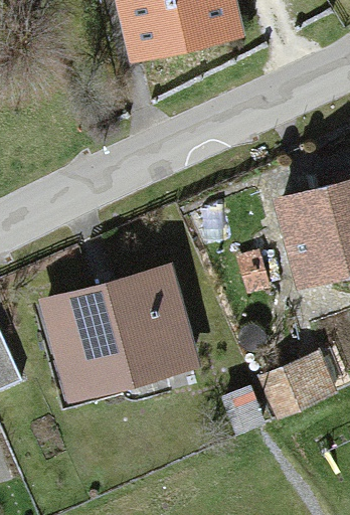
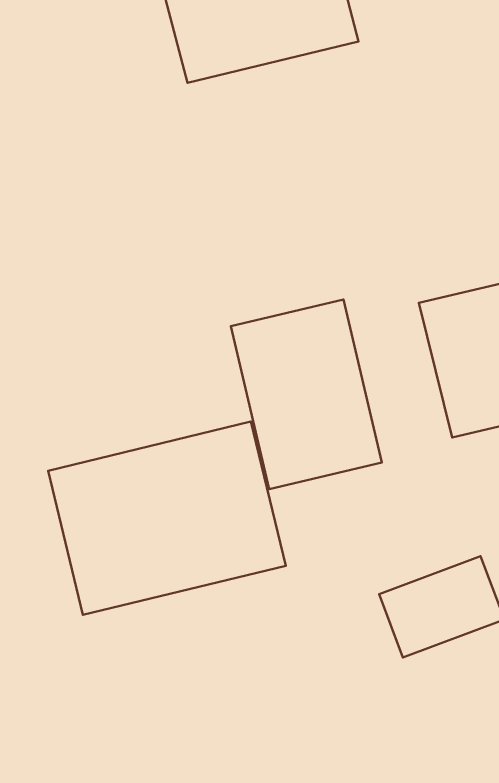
building: none -> [231,299,382,489]

